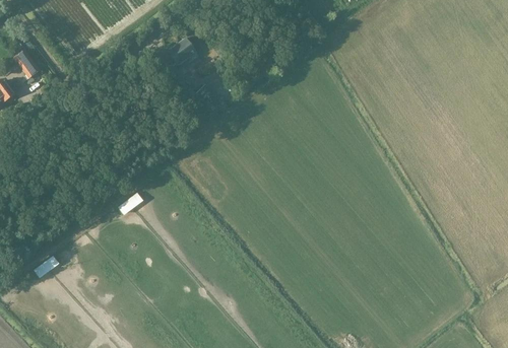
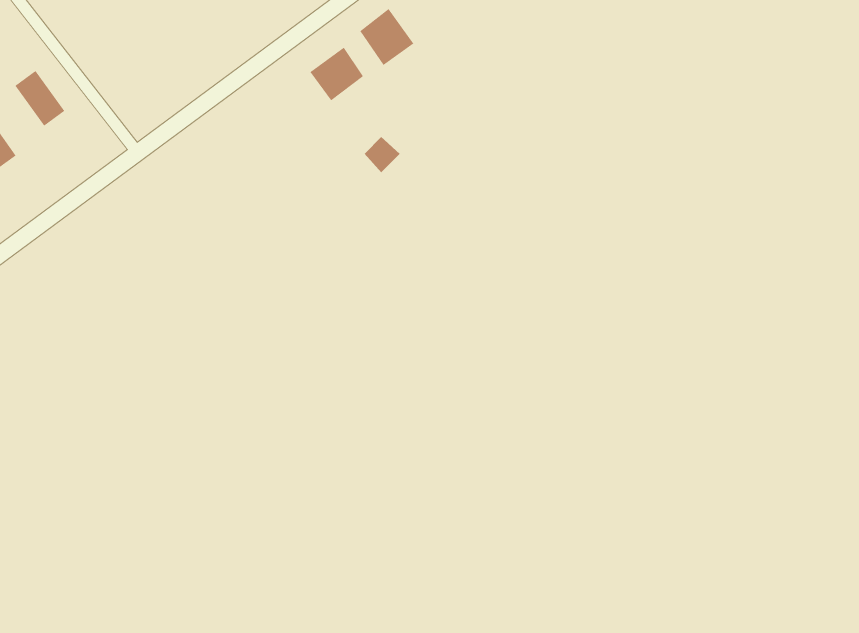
building: none -> [360,8,414,66]

